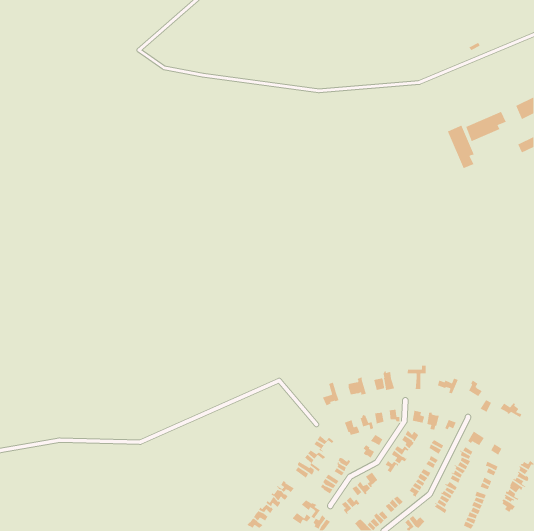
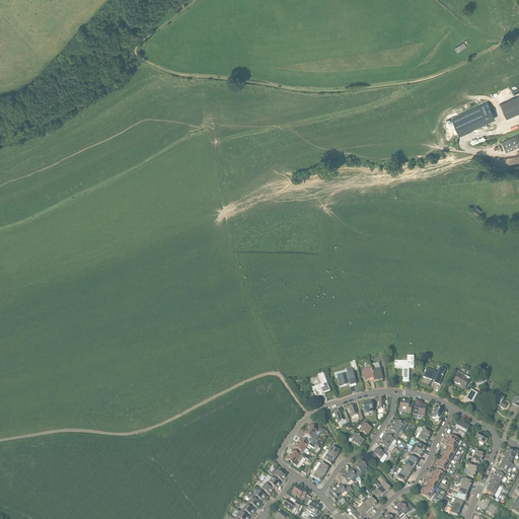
building: [447,124,475,169] -> none

